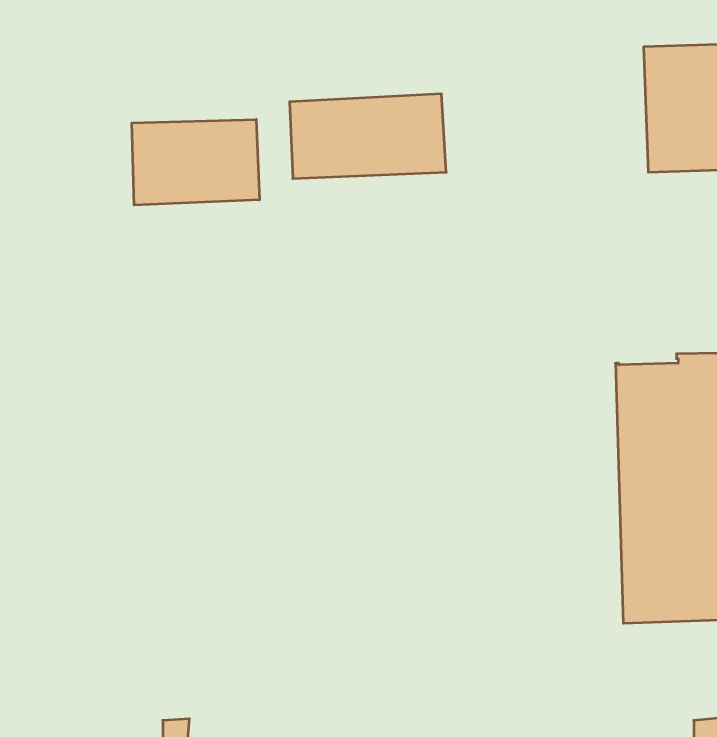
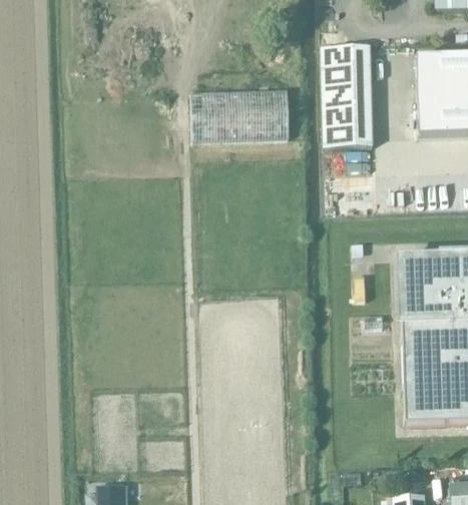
building: none -> [322,45,373,145]
building: [132,119,259,205] -> none

